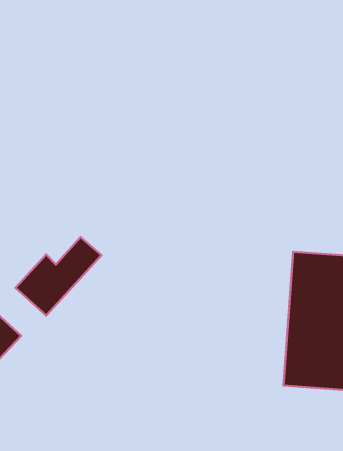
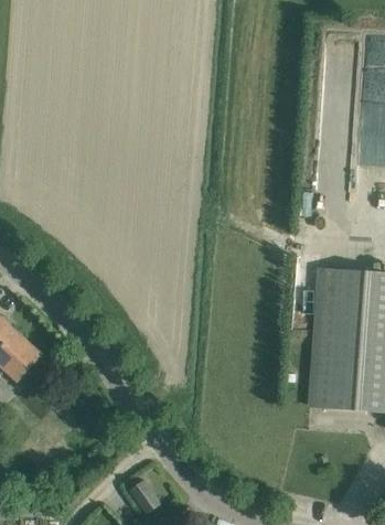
building: [16,237,101,316] -> none

